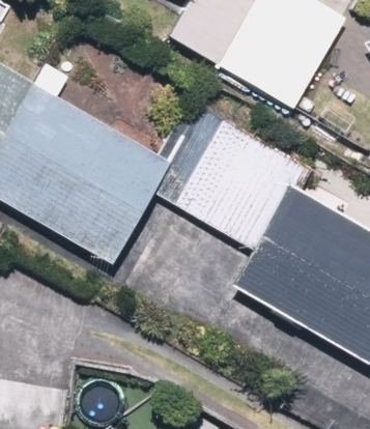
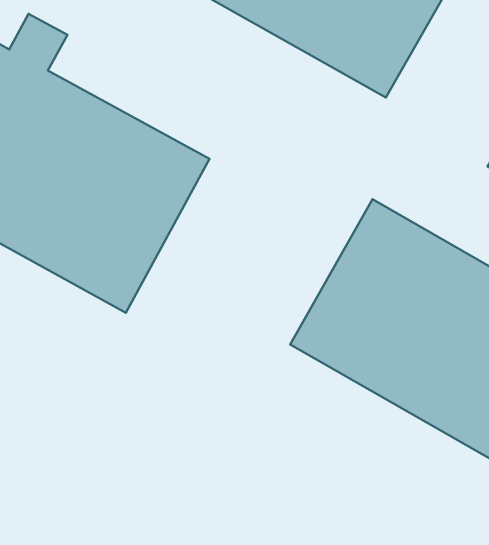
building: [175,111,280,227] -> none

